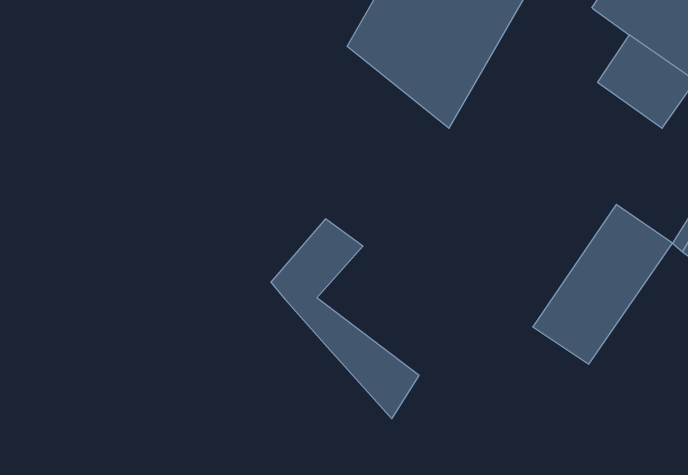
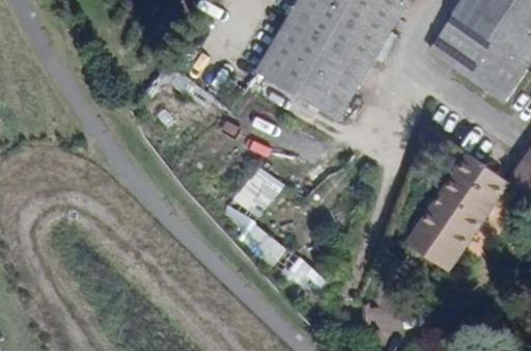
building: none -> [429,14,478,66]
building: none -> [257,40,348,117]

